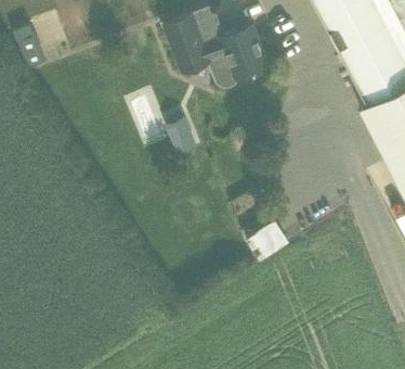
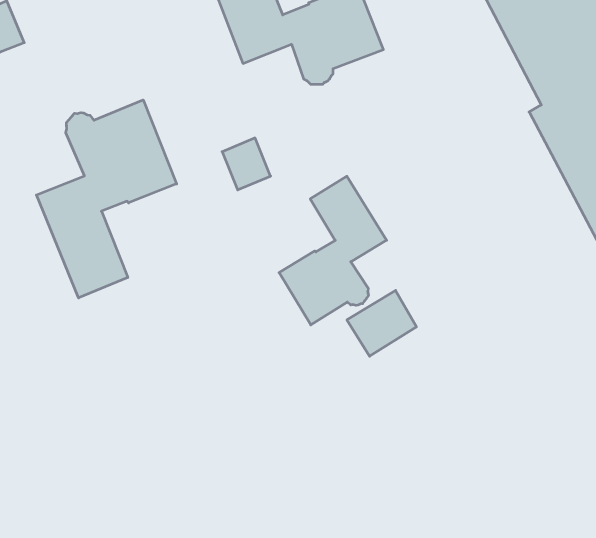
building: none -> [36,100,177,298]
building: none -> [279,176,387,325]

